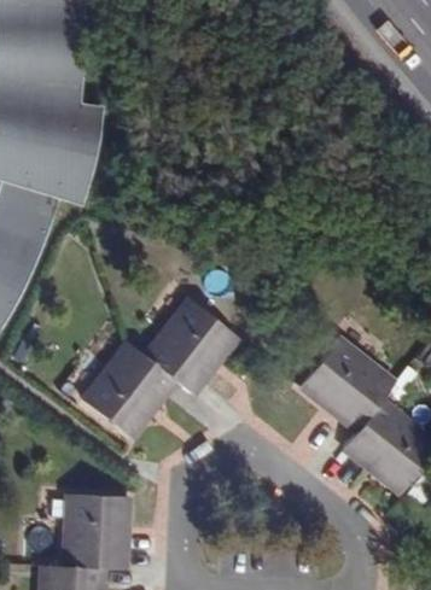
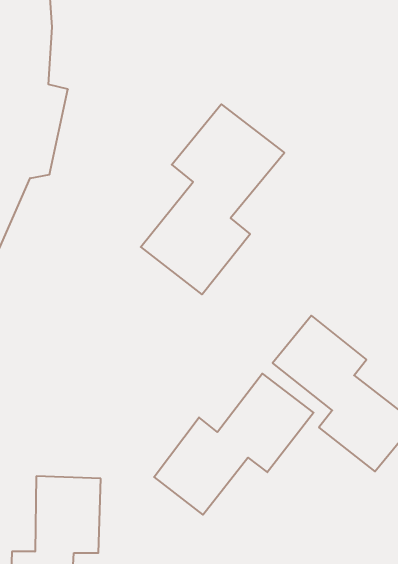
building: none -> [141,104,284,294]
building: [80,299,238,439] -> [154,374,314,515]

